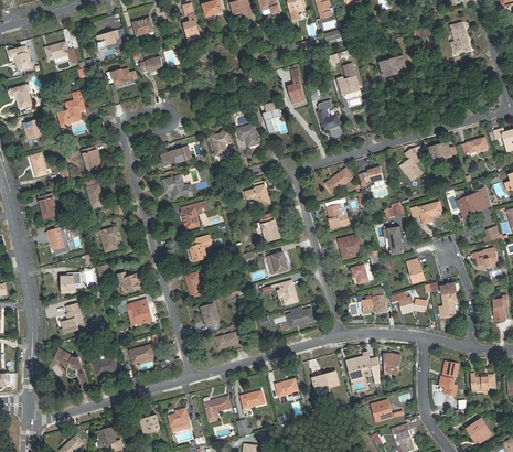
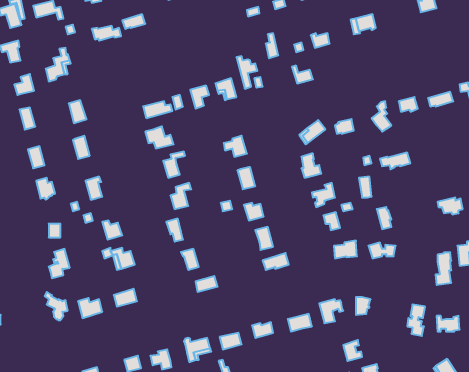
building: [457,186,490,214] -> none
building: [438,283,455,318] -> [436,252,451,285]

